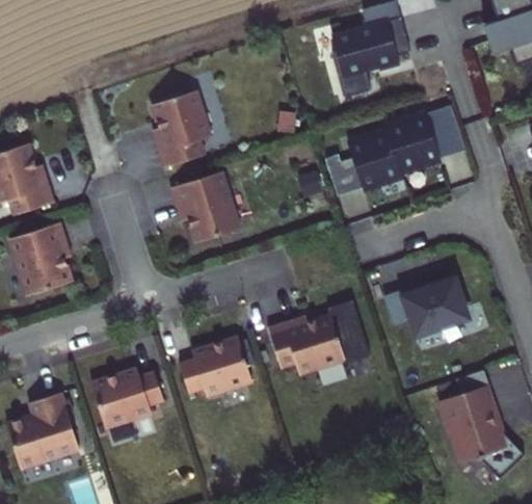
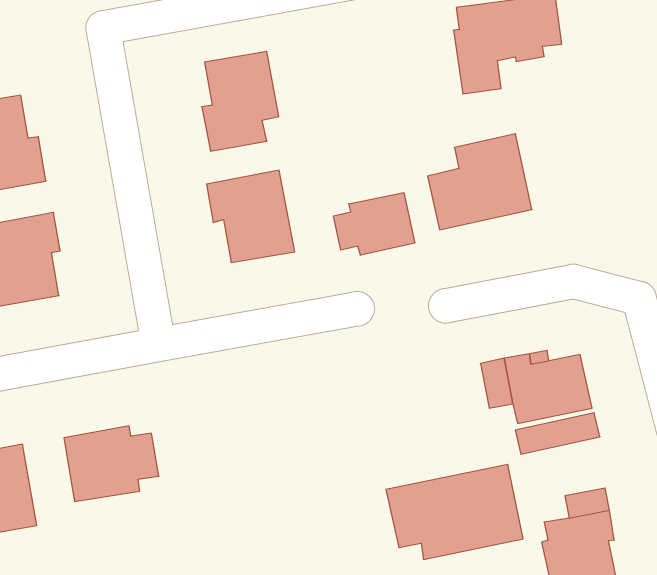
building: [387,108,460,176] -> none
building: none -> [334,193,415,255]
building: [268,300,371,376] -> [386,464,523,559]
building: [181,337,254,396] -> none

